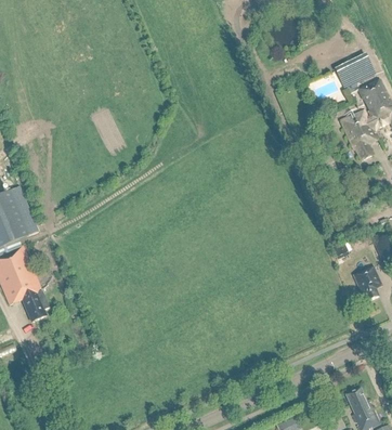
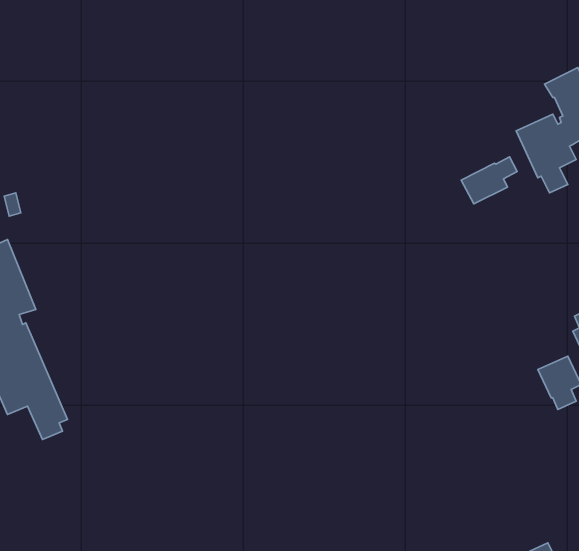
building: [336,53,375,88] -> none
building: none -> [461,157,517,204]

